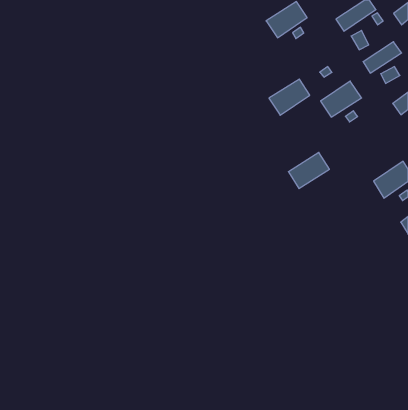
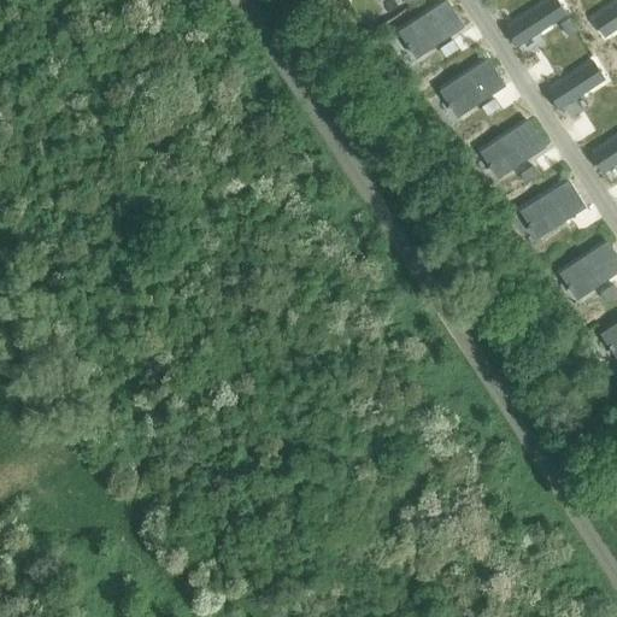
building: [269,79,310,115] -> [441,61,503,116]
building: [288,152,329,189] -> [522,182,583,236]

